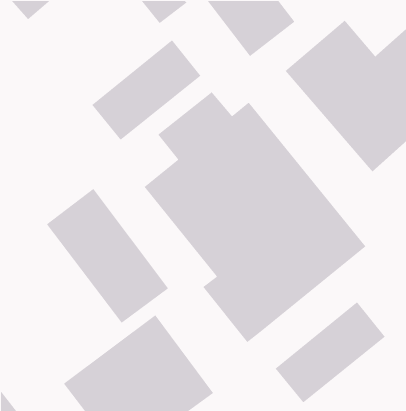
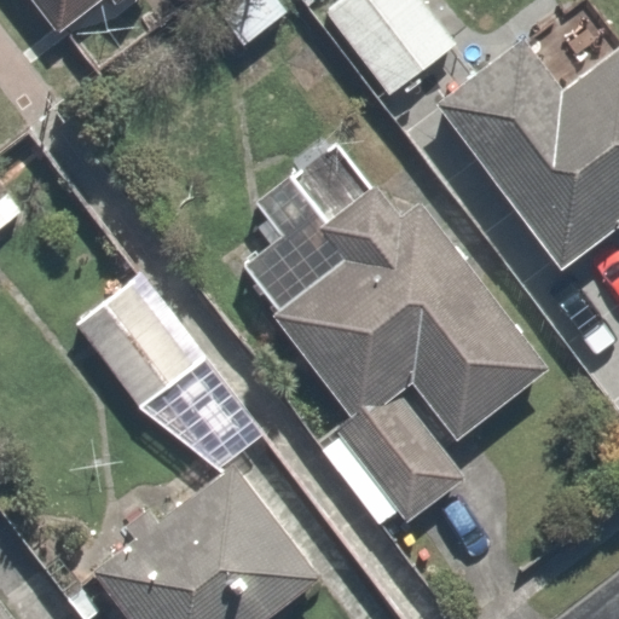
building: [91,39,202,141] -> none
building: [274,301,386,404] -> none

